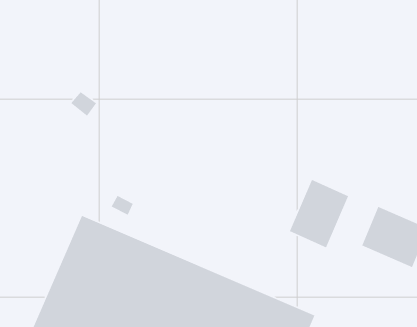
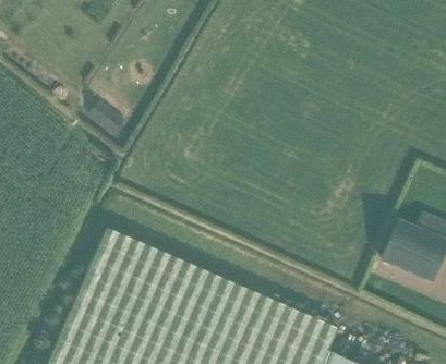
building: [289,179,349,249] -> none

